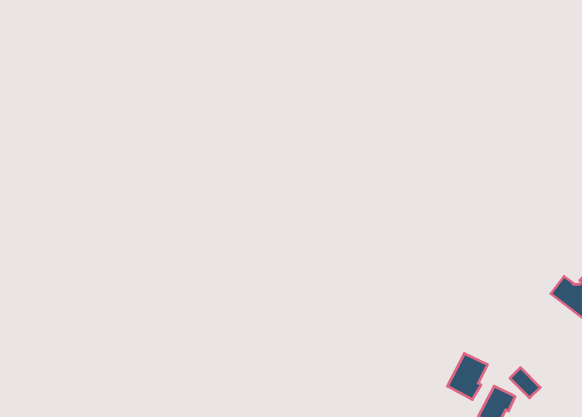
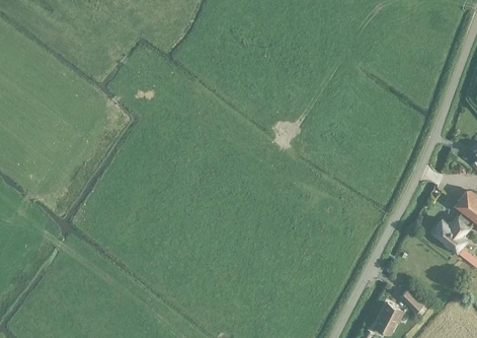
building: [447,353,487,400] -> none

